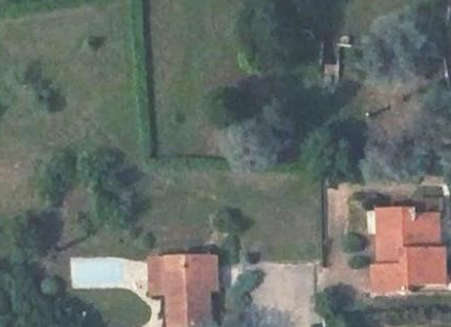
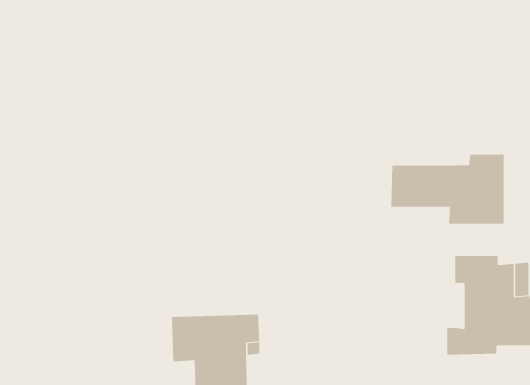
building: none -> [391,154,504,225]

